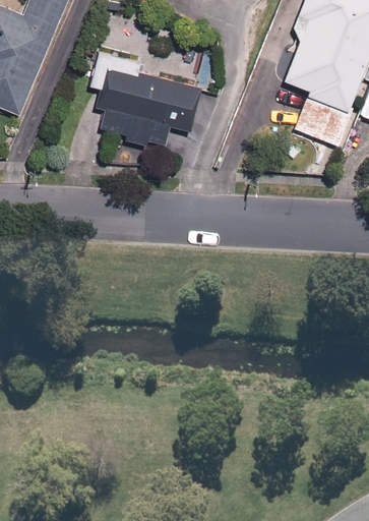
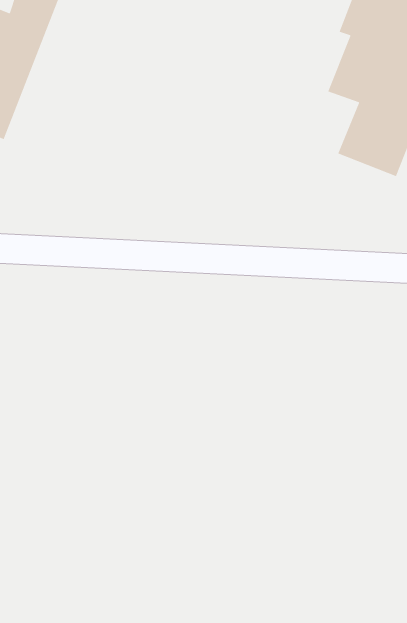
building: [94,66,201,146] -> none

